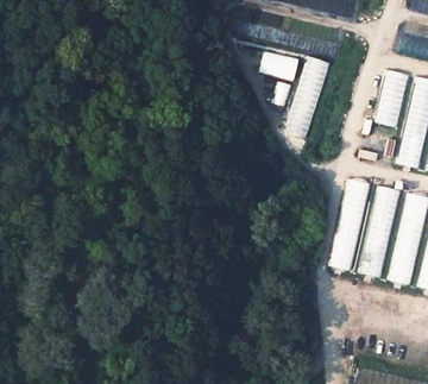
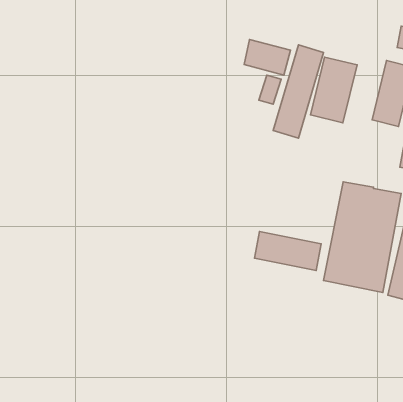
building: none -> [310,57,357,123]
building: none -> [254,232,321,270]

